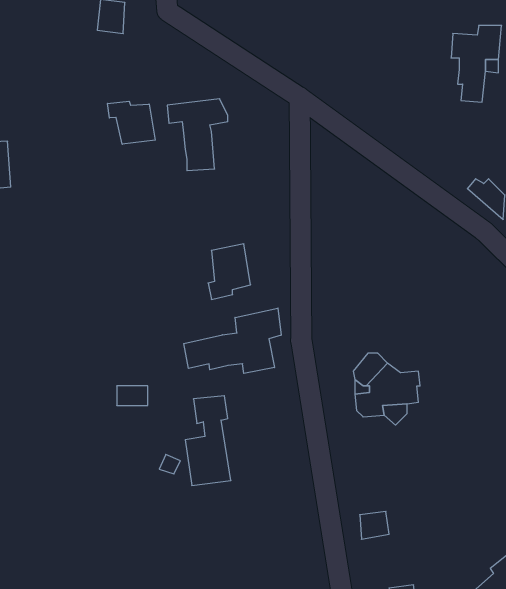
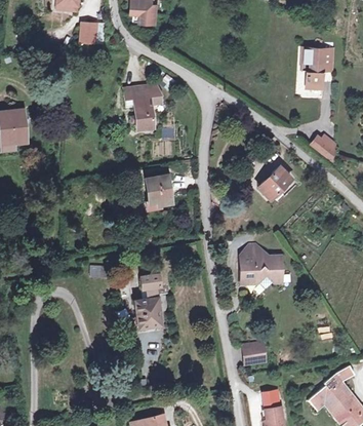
building: [108,101,155,144] -> none
building: none -> [256,168,288,202]
building: [184,308,281,373] -> none

